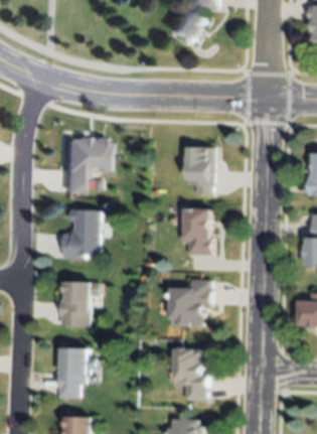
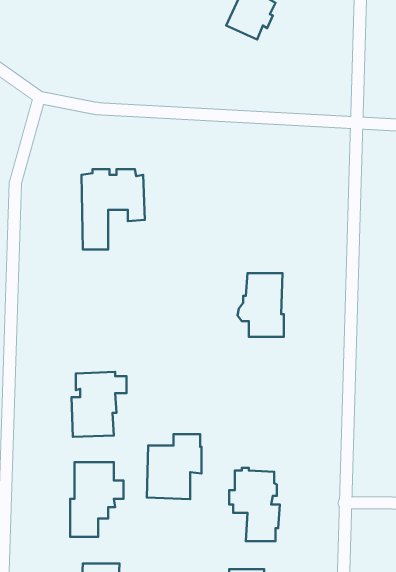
building: [185,146,213,193] -> none
building: [62,209,99,257] -> none
building: [171,281,210,327] -> [147,434,202,499]

